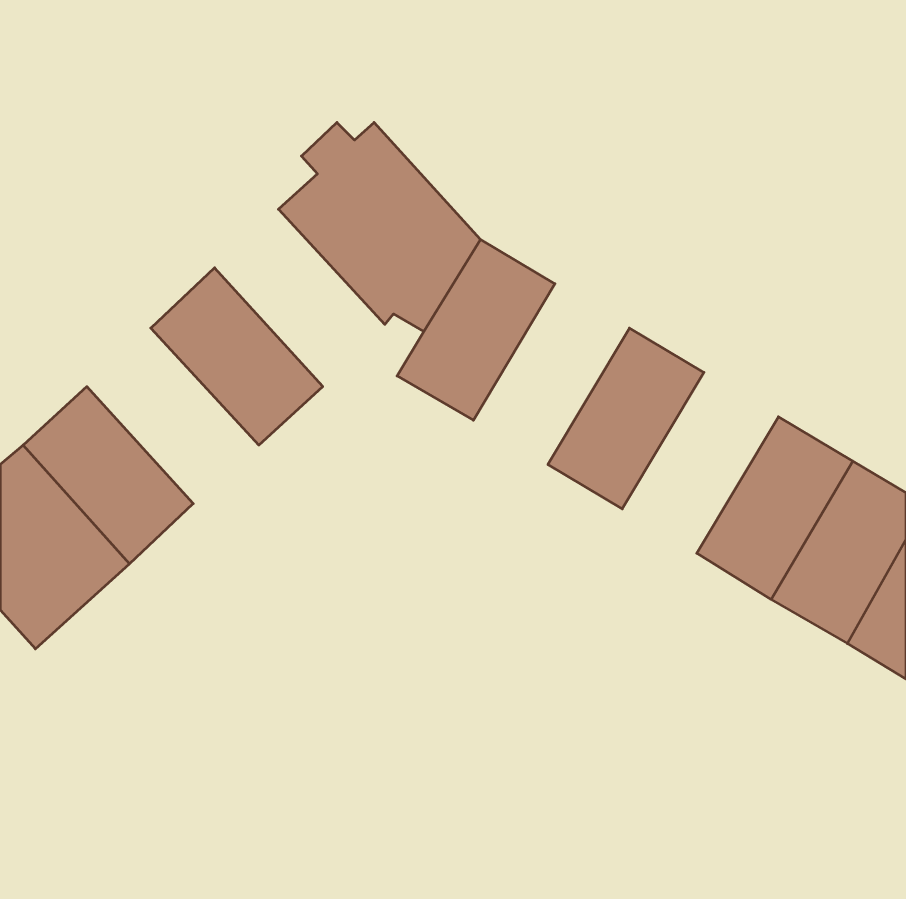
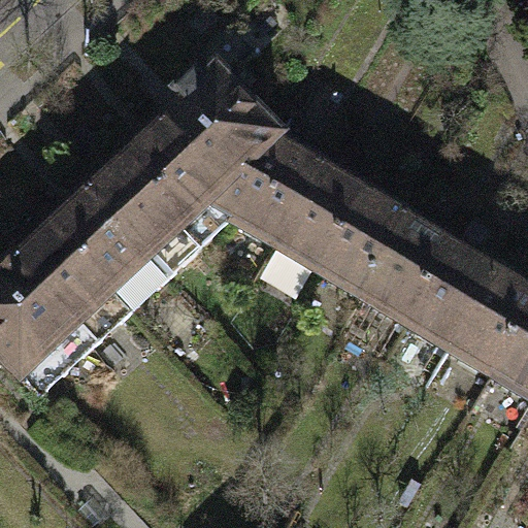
building: none -> [125,122,246,225]
building: none -> [275,165,366,270]
building: none -> [51,191,151,293]
building: none -> [362,217,453,322]

